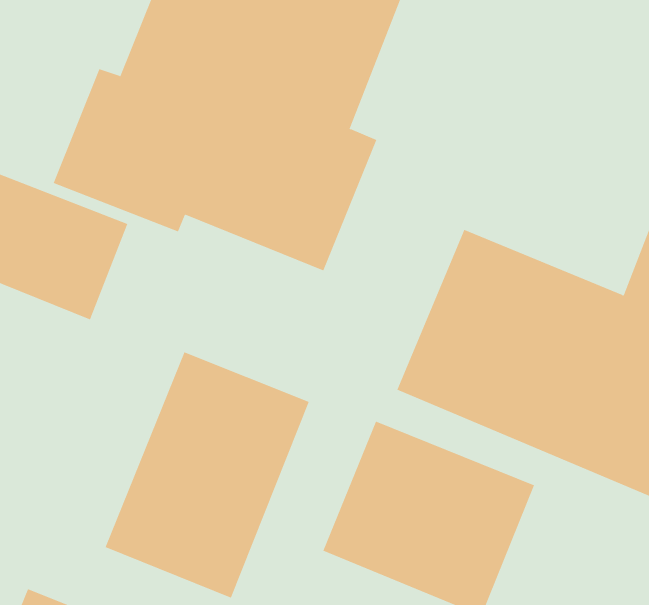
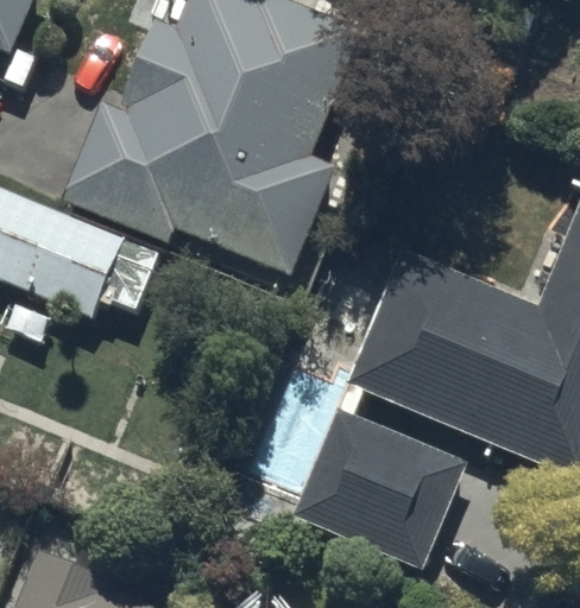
building: [105,351,310,599] -> none

